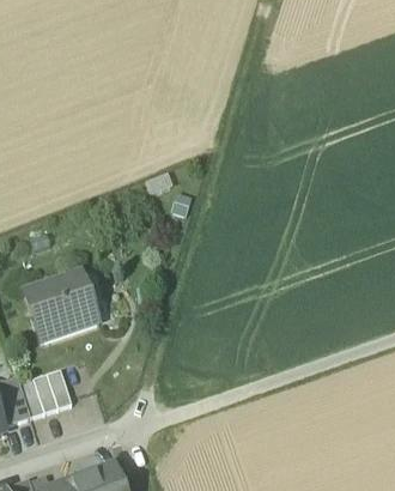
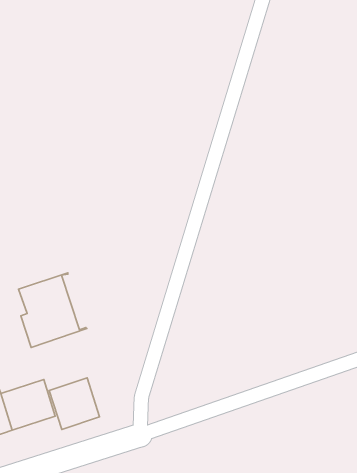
building: none -> [49,378,100,429]

